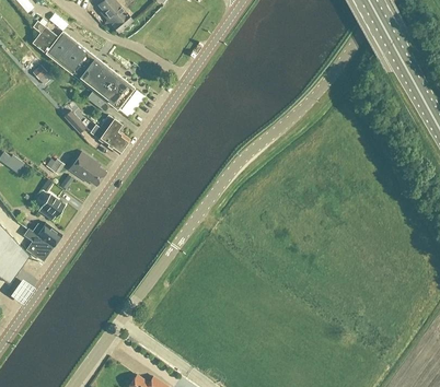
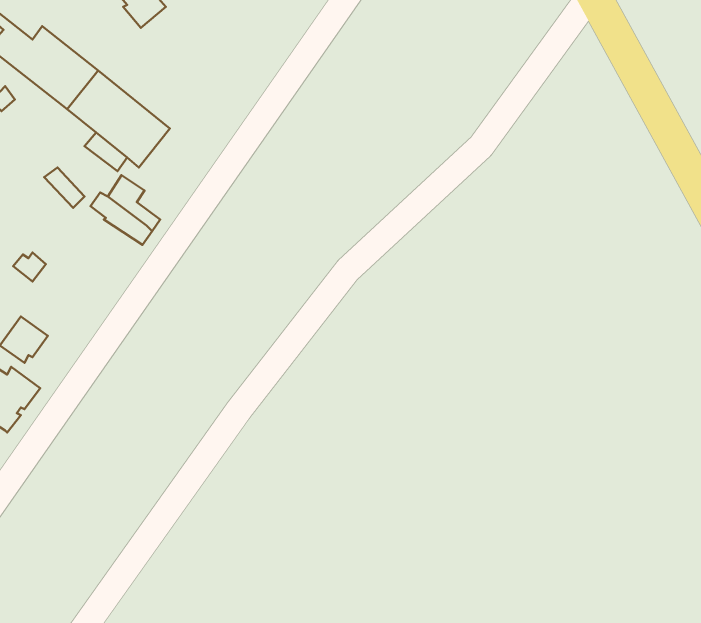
building: [68,151,105,185] -> none

